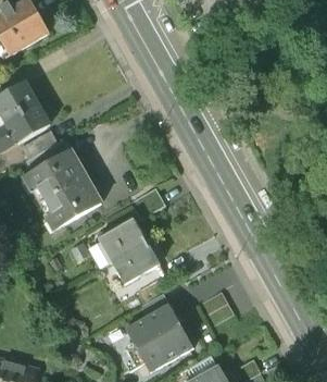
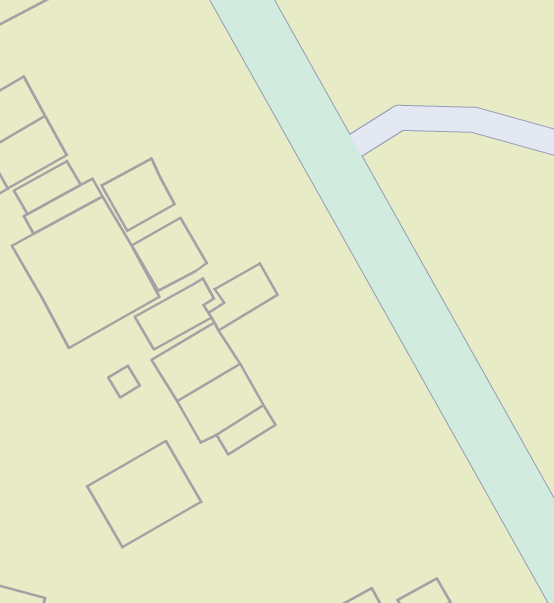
building: none -> [102,158,175,231]
building: none -> [132,218,207,291]
building: none -> [135,278,214,349]
building: [126,304,189,362] -> [87,441,201,547]

